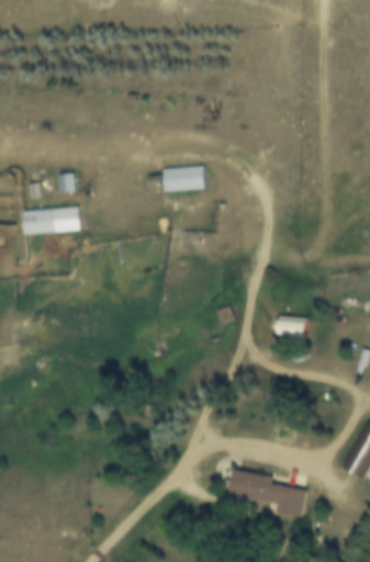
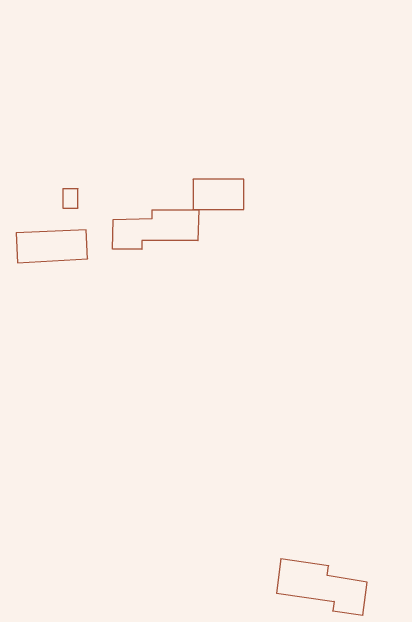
building: none -> [113,210,199,249]
building: [281,321,310,341] -> none

